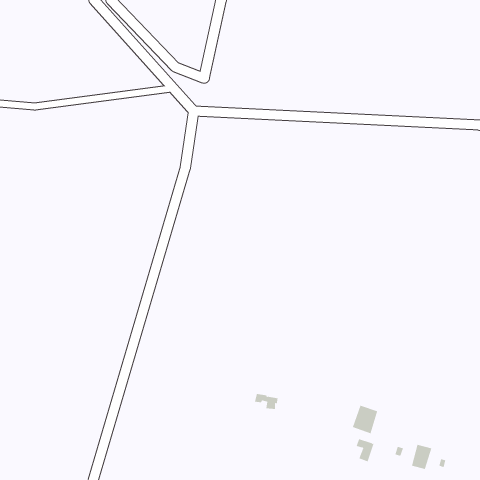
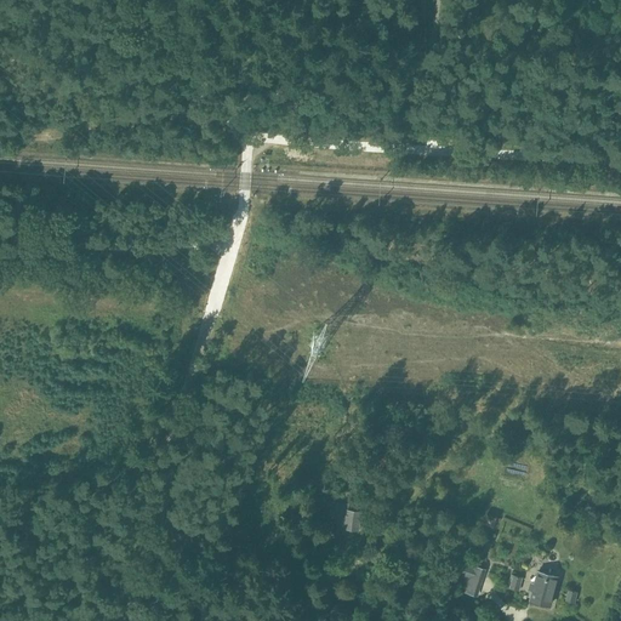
building: [352,405,378,434] -> none

